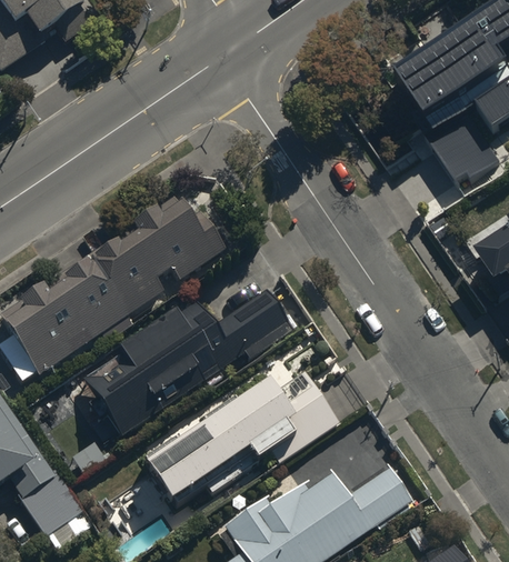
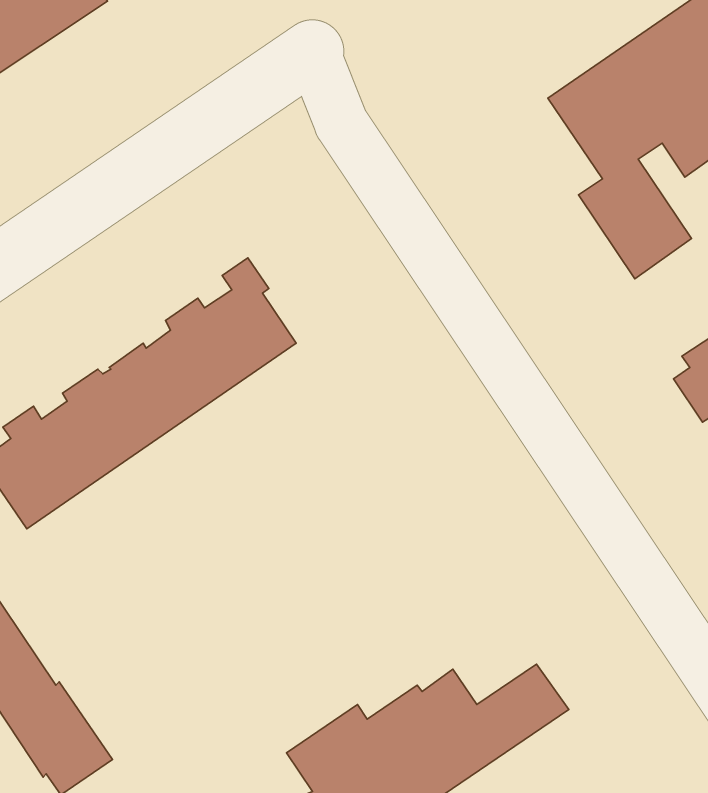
building: [79,288,290,434] -> none
building: [146,365,336,502] -> none

